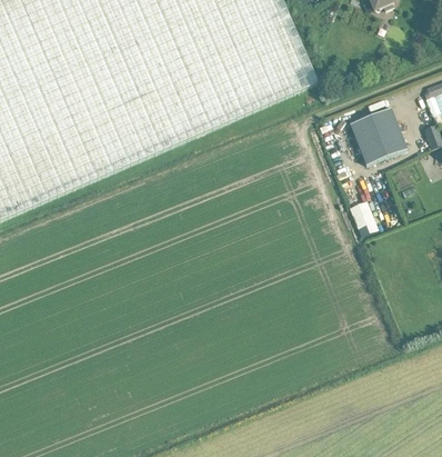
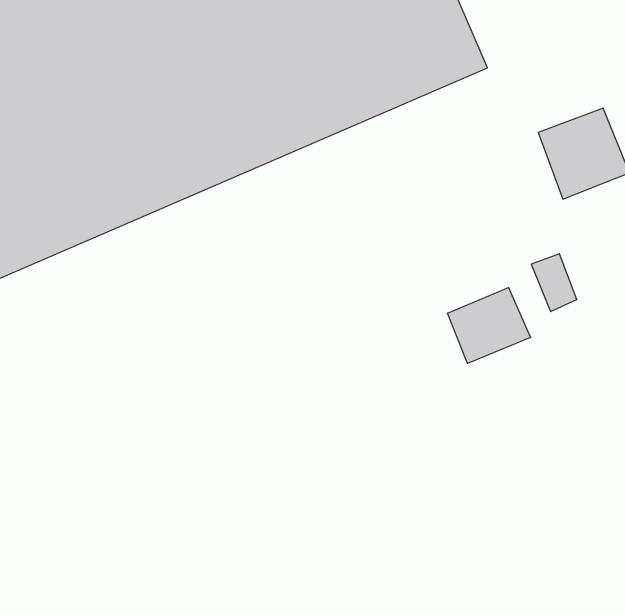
building: none -> [448,287,531,363]

